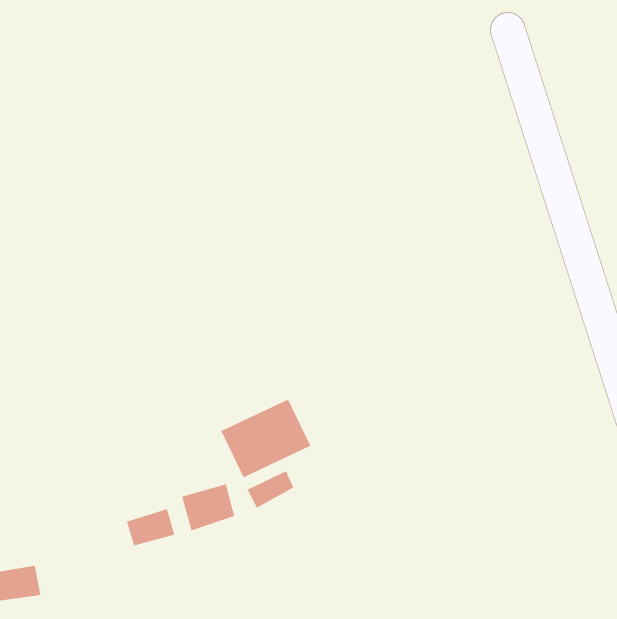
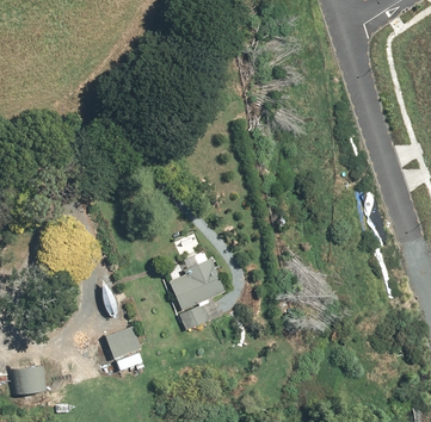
building: [181,483,235,531] -> none

